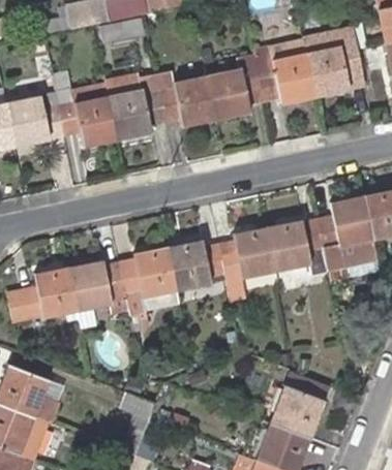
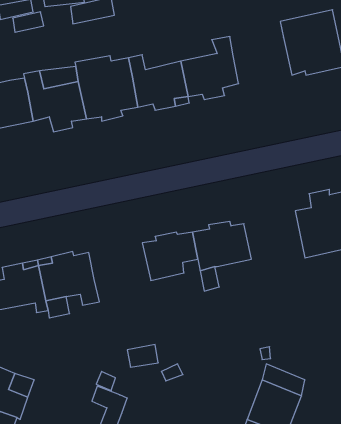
building: [253,40,314,103] -> none
building: [268,223,328,277] -> none
building: [118,253,179,328] -> none

